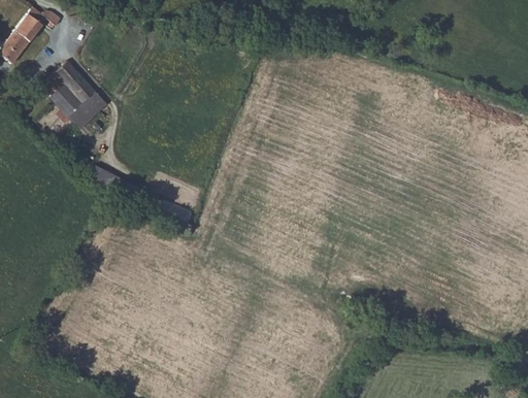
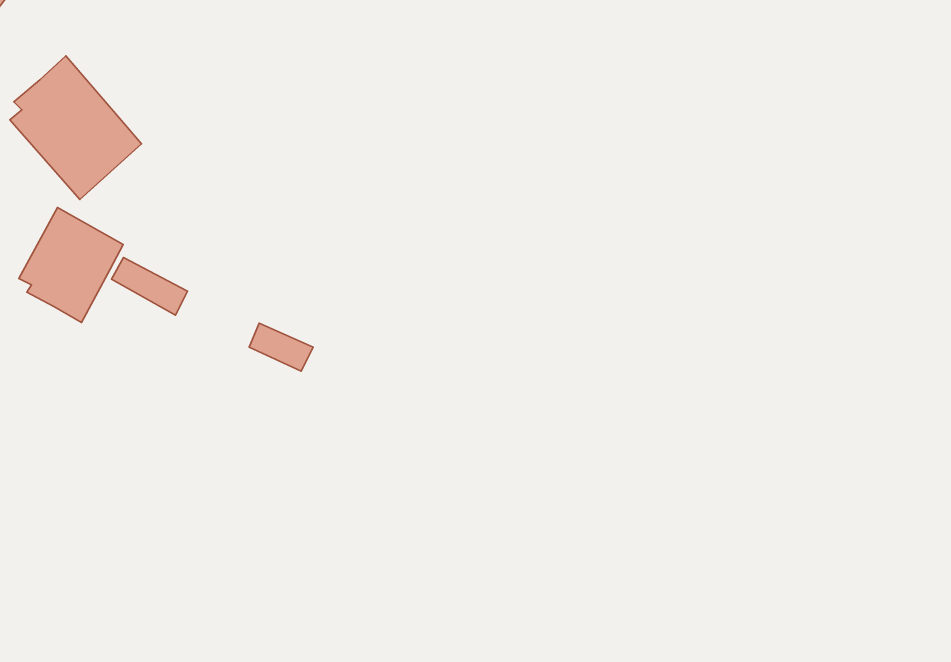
building: none -> [19,208,123,322]

